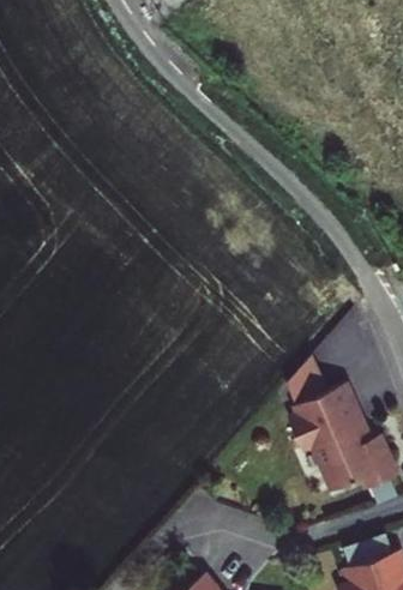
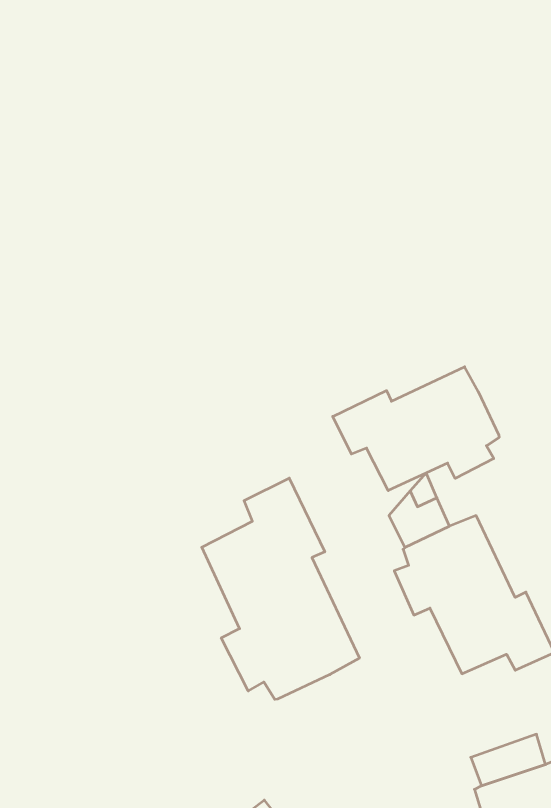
building: none -> [333,367,499,491]
building: none -> [202,478,359,699]

